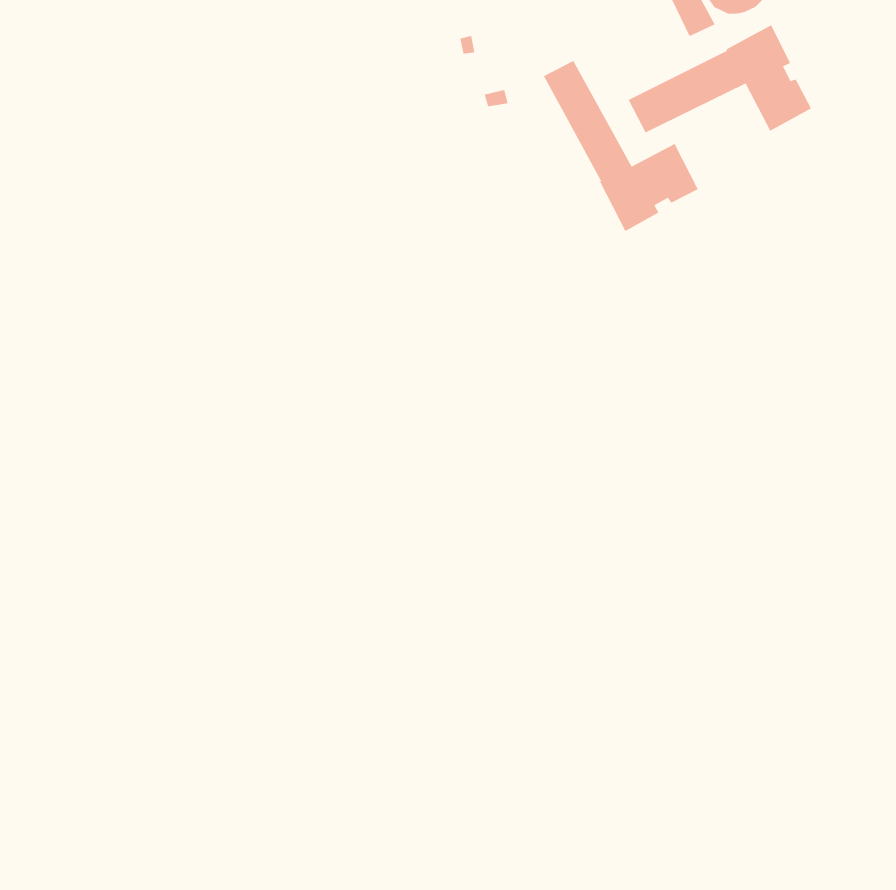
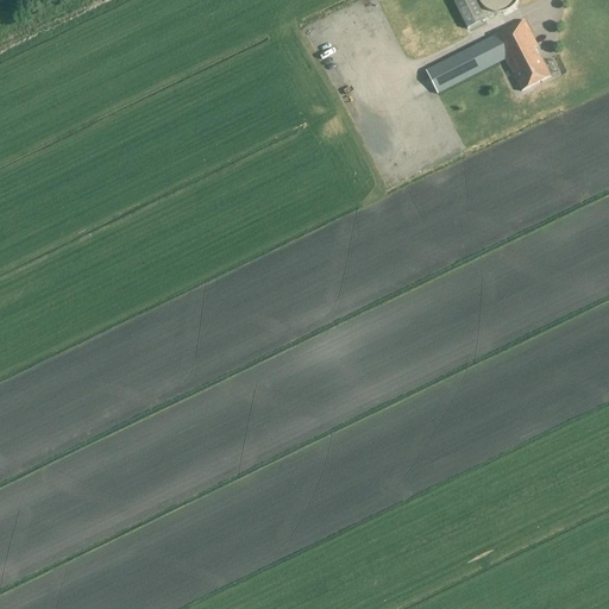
building: [543,60,698,232] -> none

